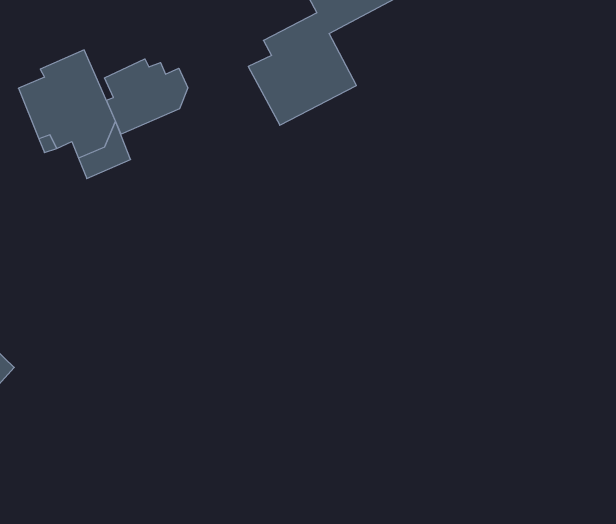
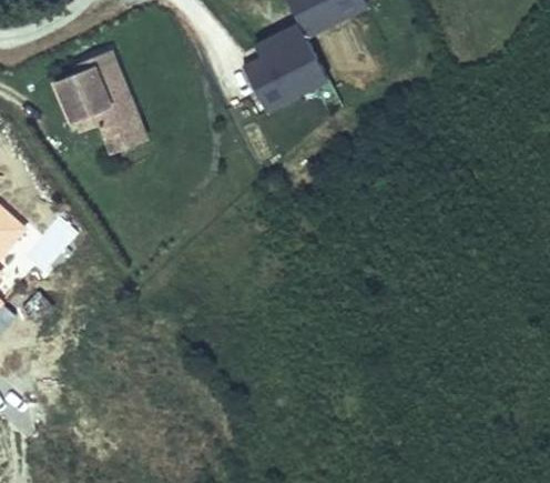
building: [104,59,188,134] -> none

